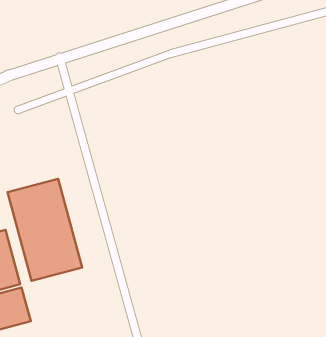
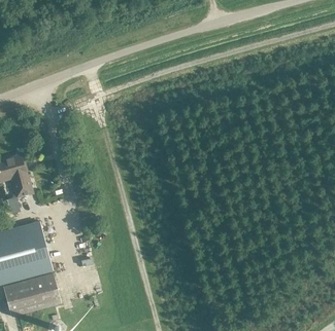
building: [8,179,82,281] -> none

